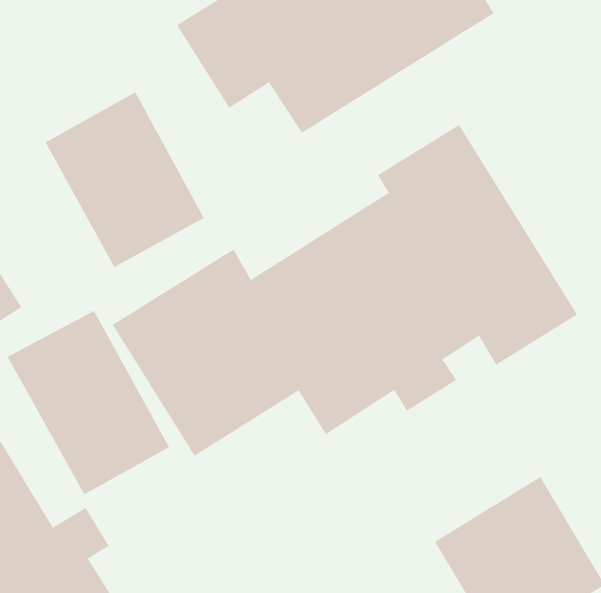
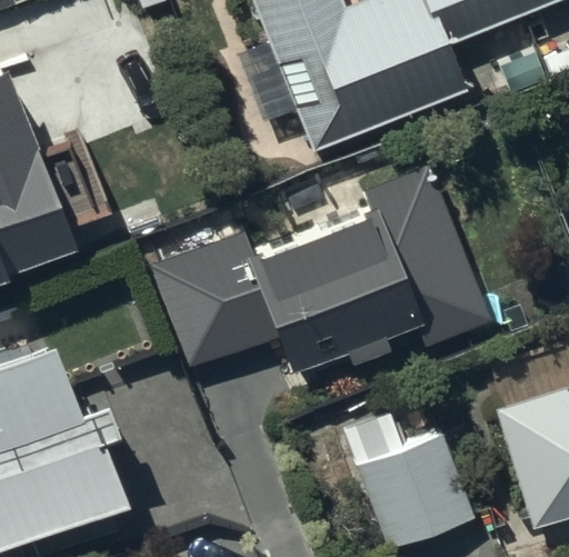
building: [45,91,204,268] -> none
building: [7,310,170,495] -> none

